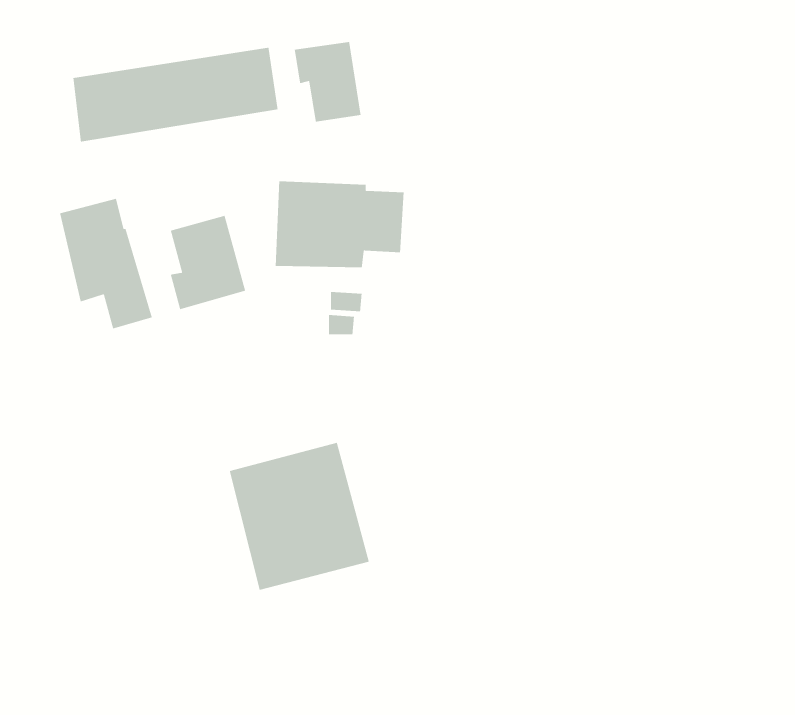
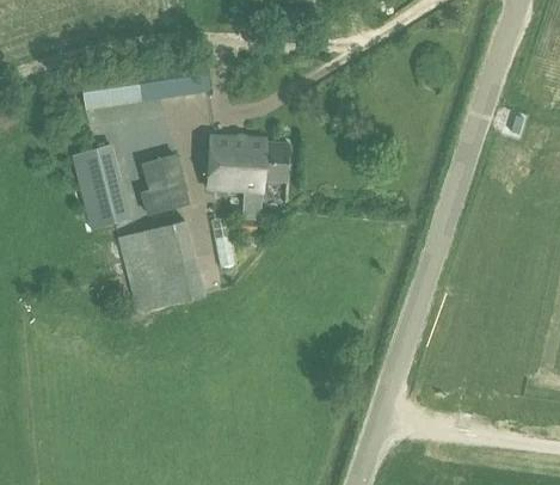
building: [294,41,361,123] -> none
building: [229,442,370,591] -> [118,219,207,312]

